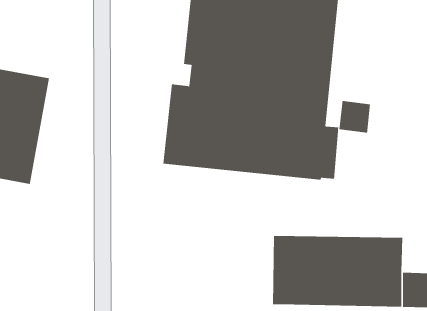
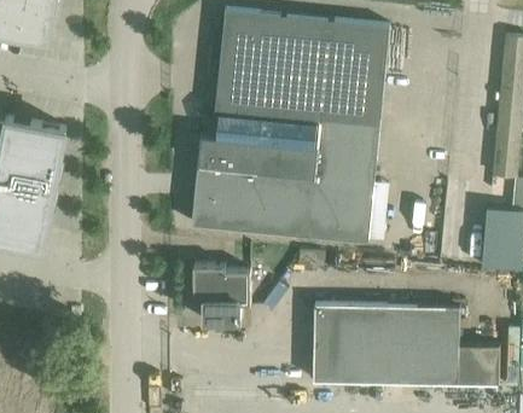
building: [339,100,371,133] -> none
building: none -> [193,266,250,321]

